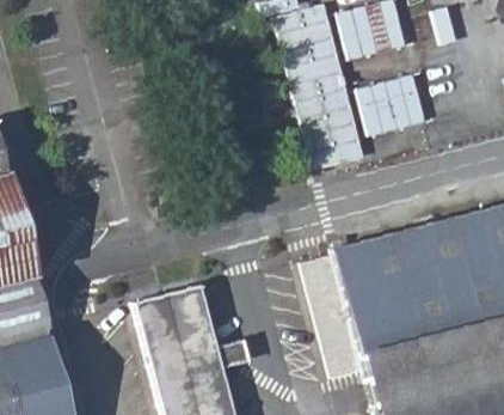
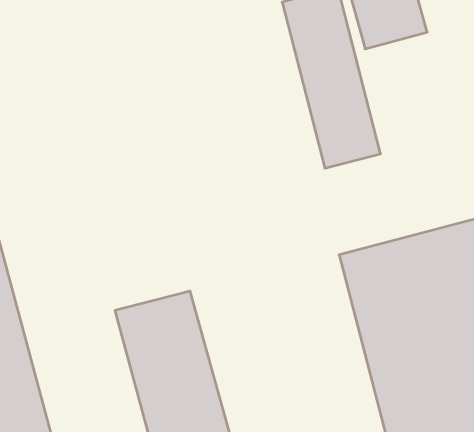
building: [362,68,435,133] -> none

